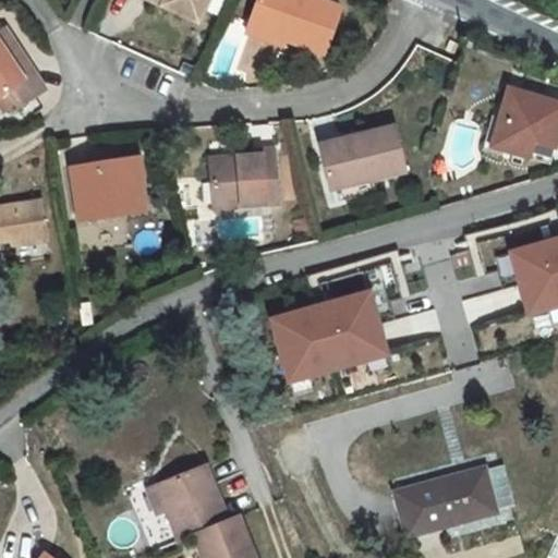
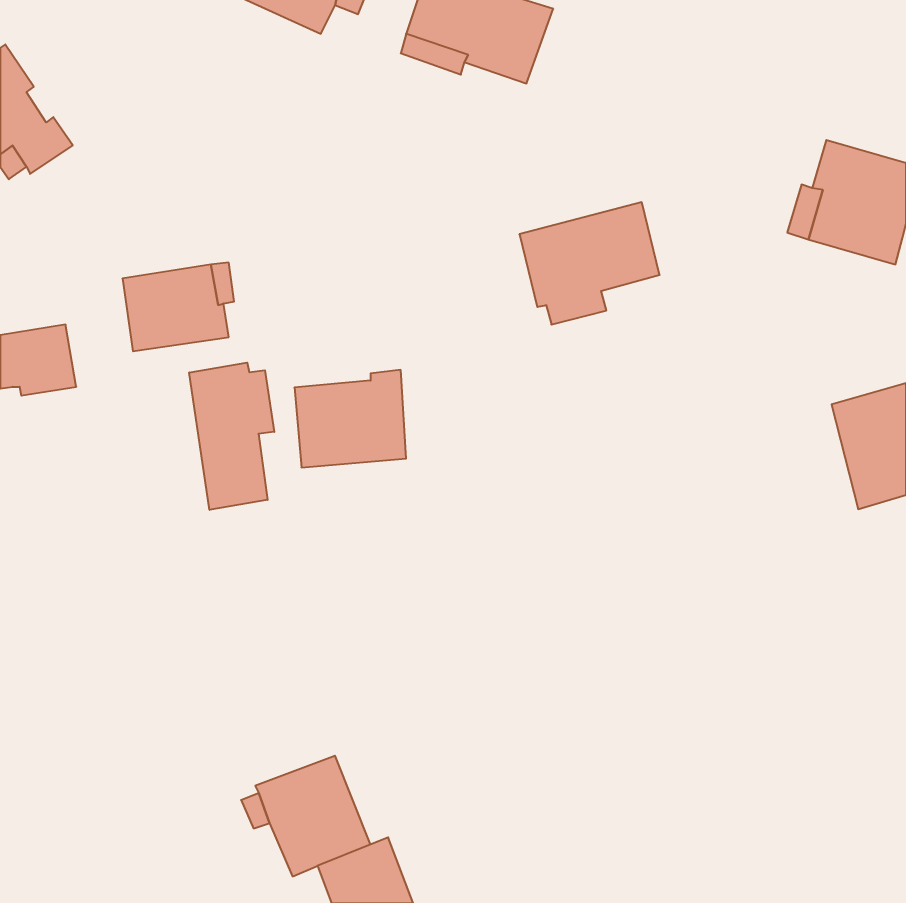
building: [209,147,278,207] -> [294,370,406,467]
building: none -> [189,363,274,510]
building: [270,284,390,384] -> none
building: [396,466,496,534] -> none

